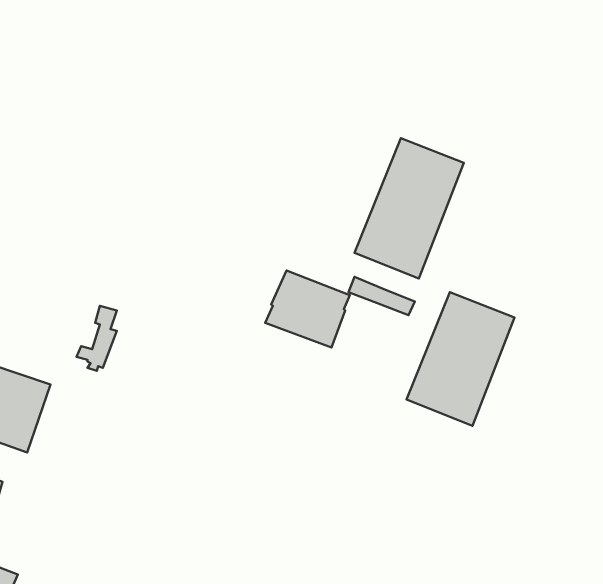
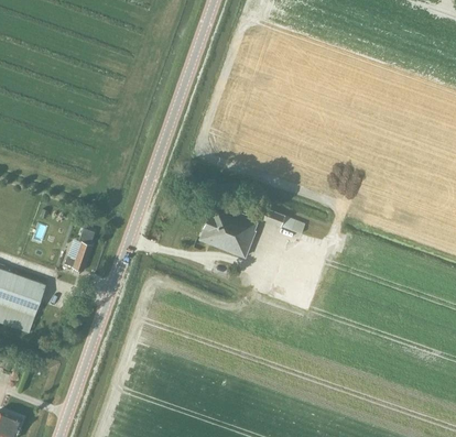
building: [355,138,464,279] -> none
building: [407,292,514,426] -> none

